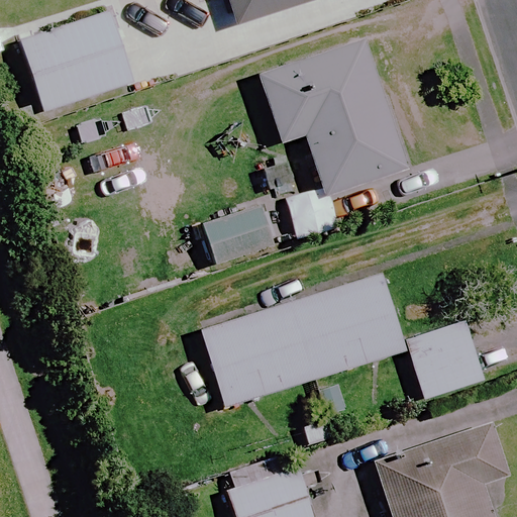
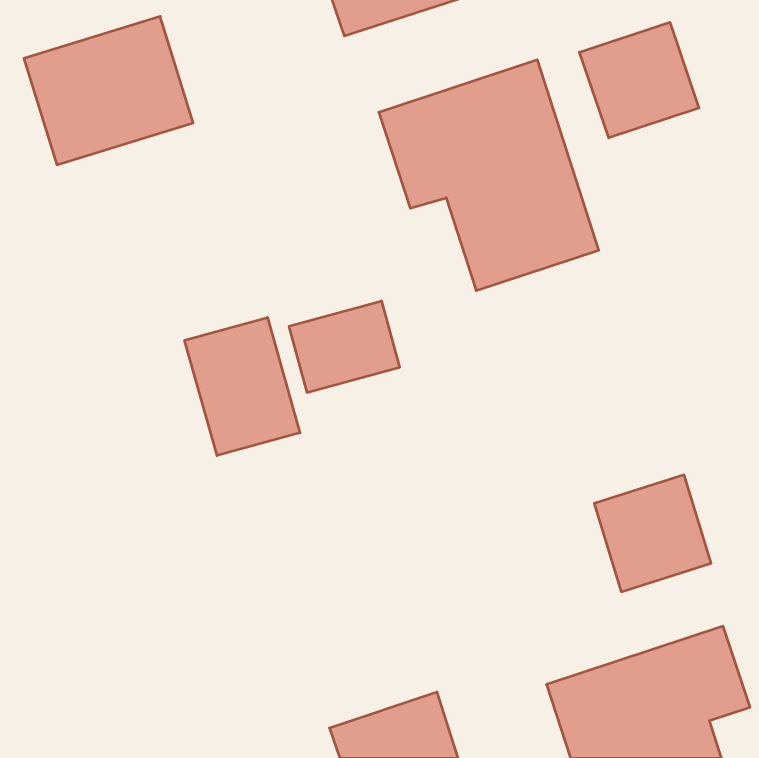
building: none -> [579,22,699,138]
building: none -> [185,317,300,456]
building: [201,276,405,406] -> none

